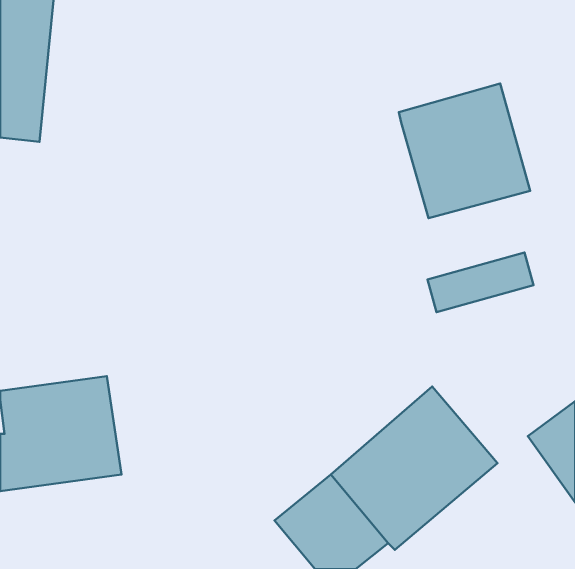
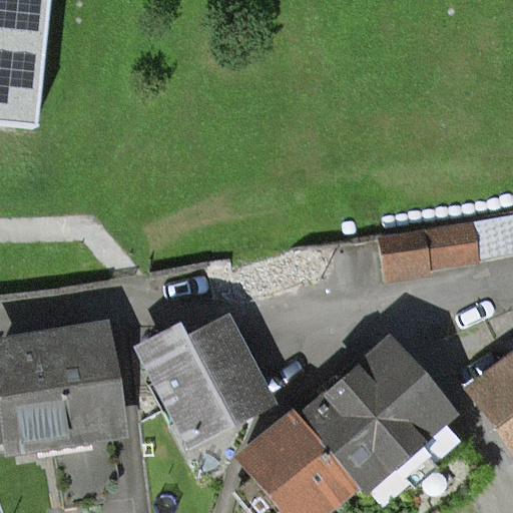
building: [399,83,530,218] -> none
building: none -> [142,324,260,436]

